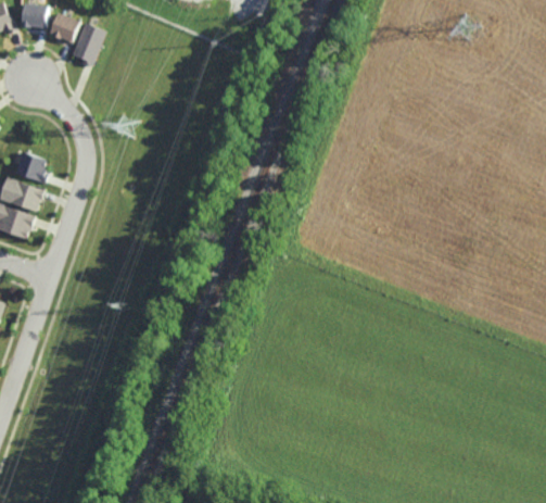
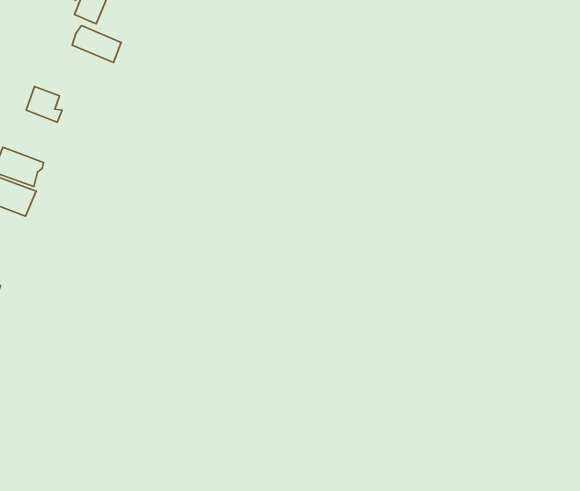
building: none -> [72,25,121,62]
building: [14,151,47,184] -> [26,86,62,122]

